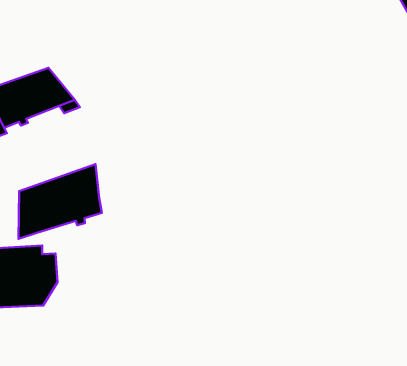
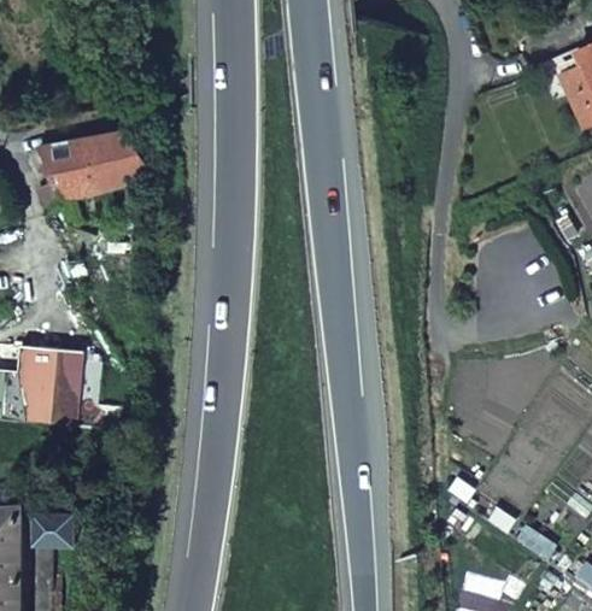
building: [18,164,102,239] -> none

